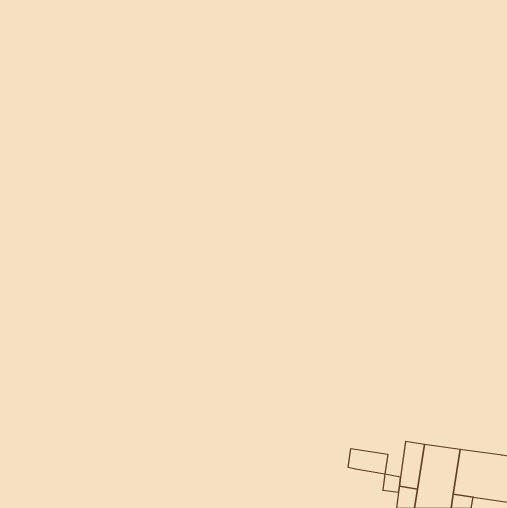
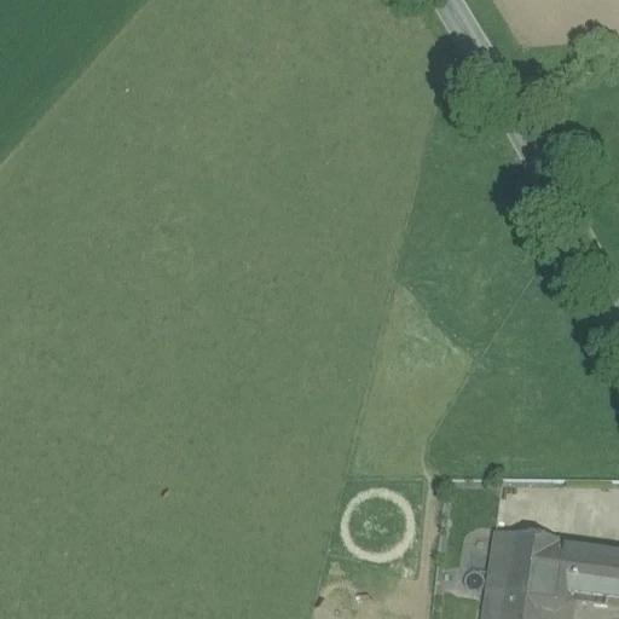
building: [348,449,388,474] -> none

